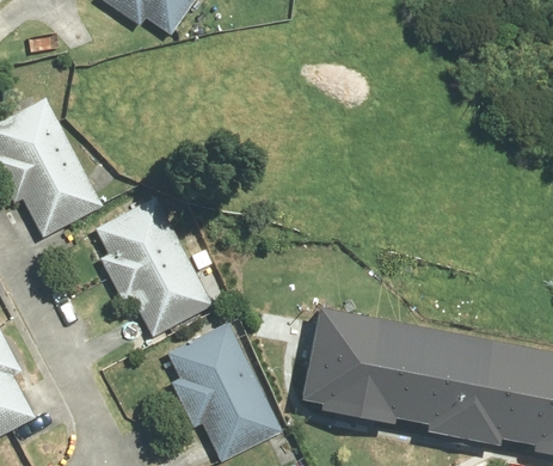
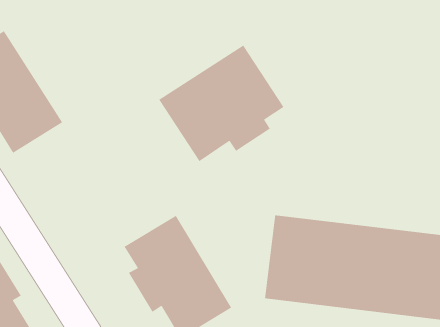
building: none -> [158,45,285,162]
building: [92,186,211,327] -> none

